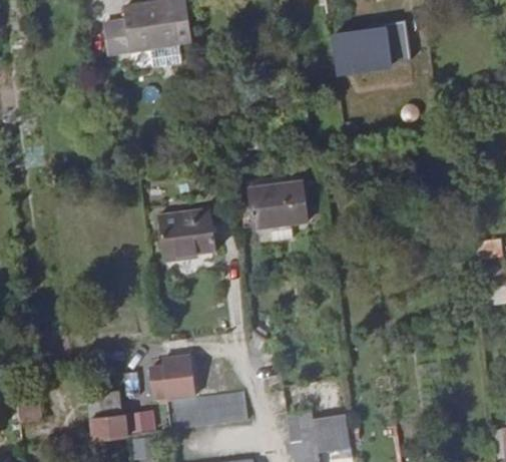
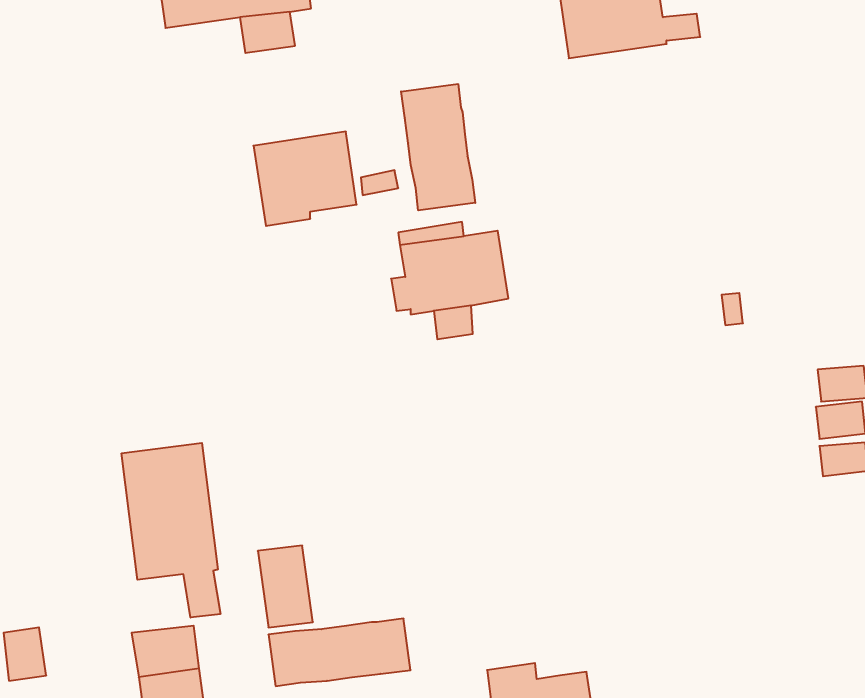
building: none -> [401,84,475,210]
building: [152,202,210,256] -> [253,132,357,226]
building: none -> [122,443,220,618]

